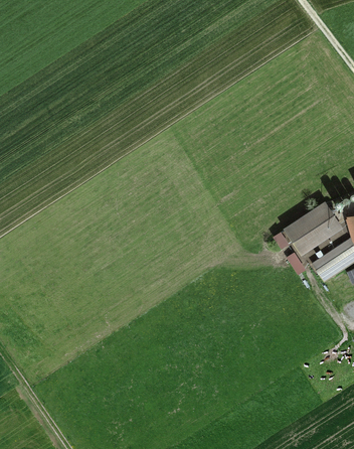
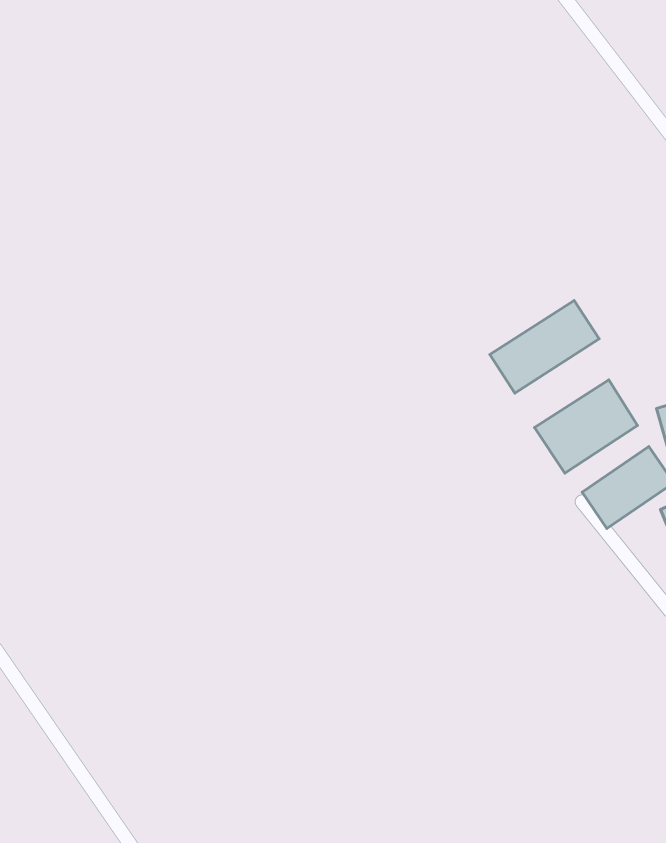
building: none -> [490,300,599,393]

